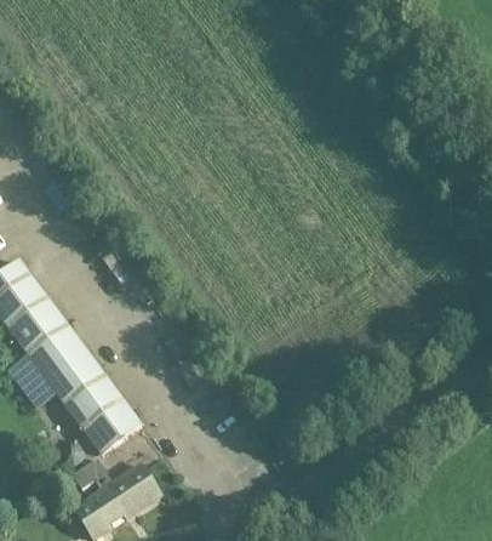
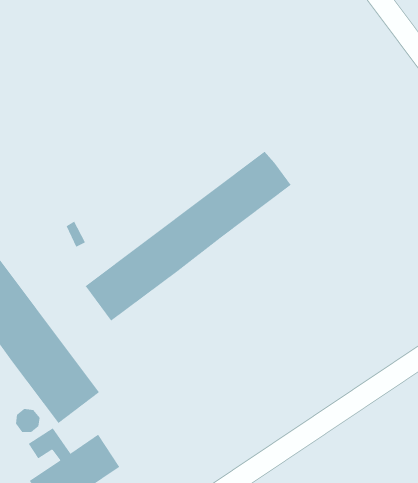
building: none -> [85,151,292,322]

